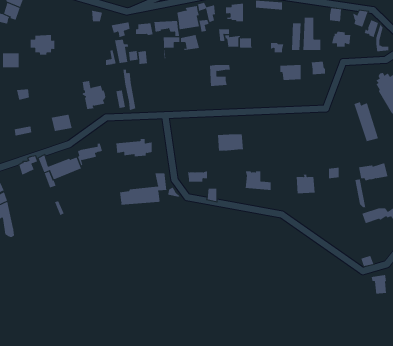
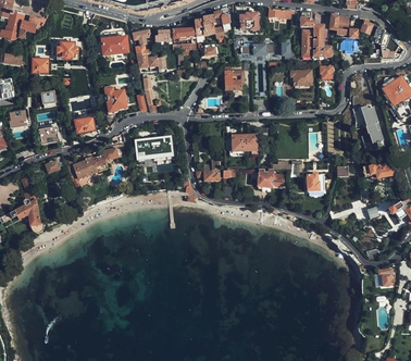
building: none -> [98,36,127,57]
building: [120,173,167,205] -> none

